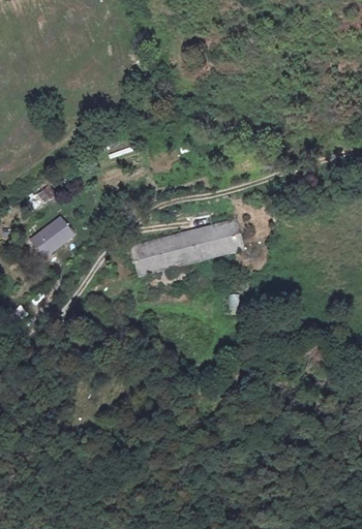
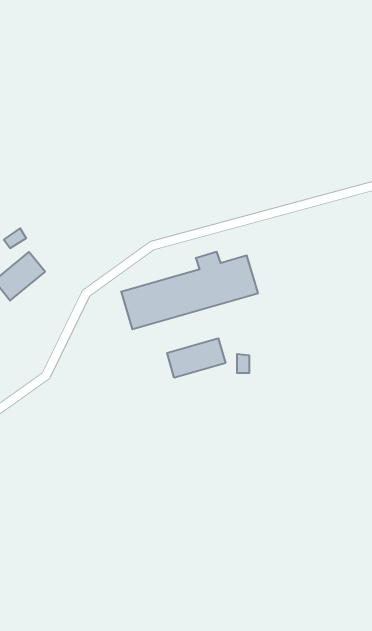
building: none -> [167,338,225,378]

